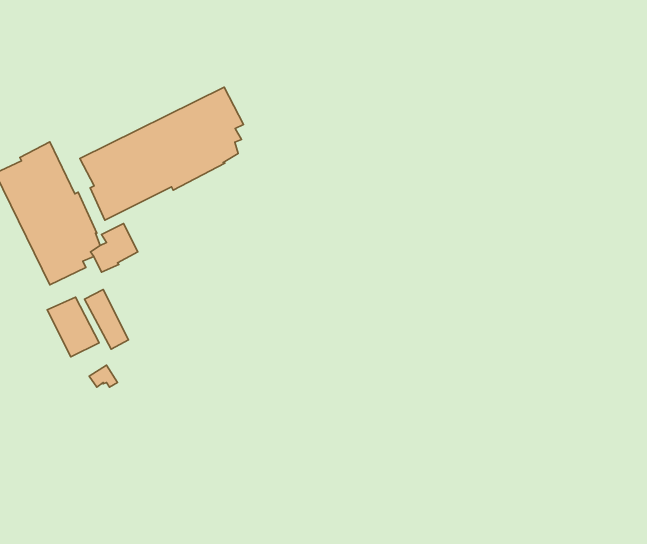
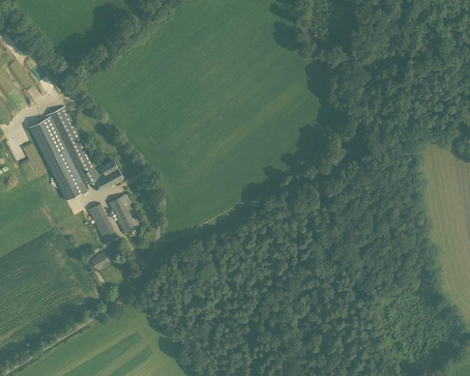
building: [80,87,243,220] -> none
building: [47,297,99,357] -> [108,194,142,233]

